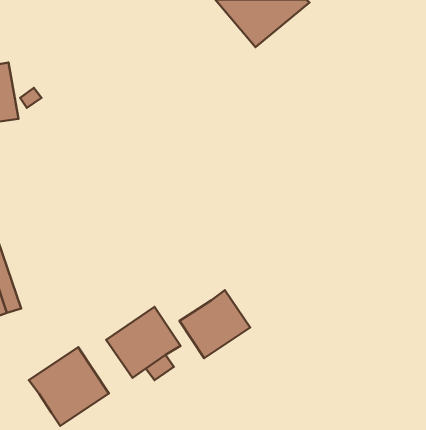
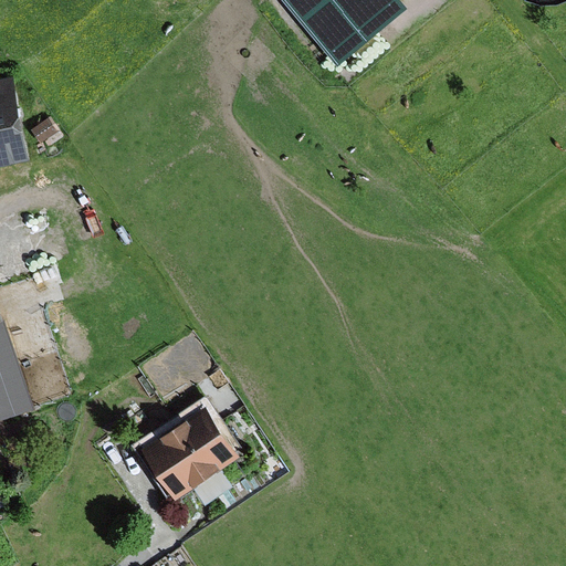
building: [180,290,250,358] -> none
building: [29,347,109,426] -> none

